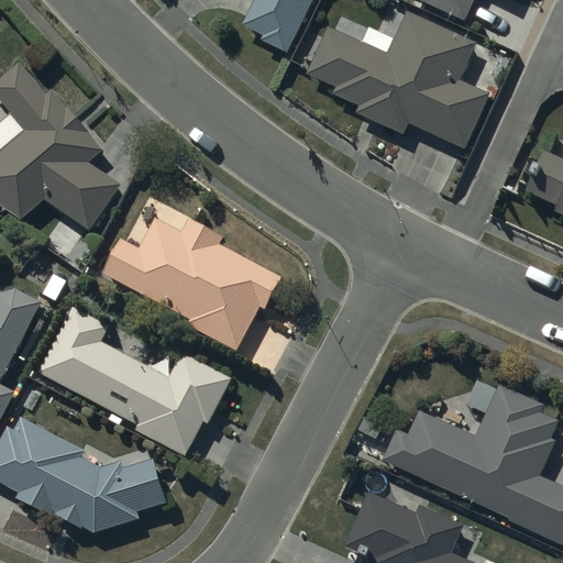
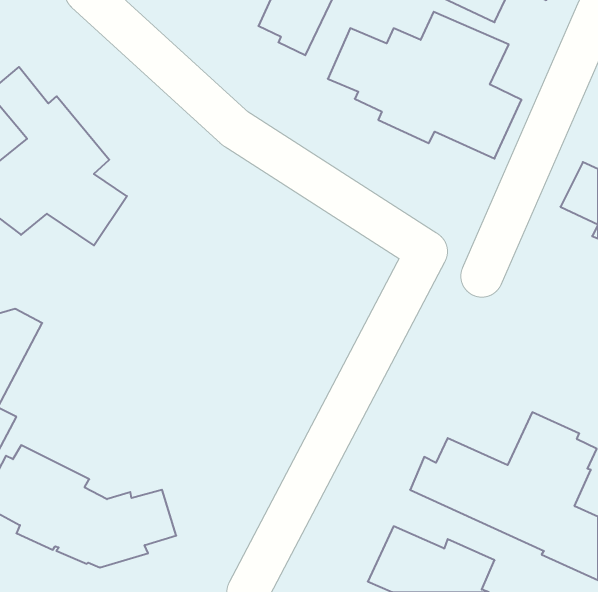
building: [102,219,280,349] -> none
building: [37,307,229,455] -> none

